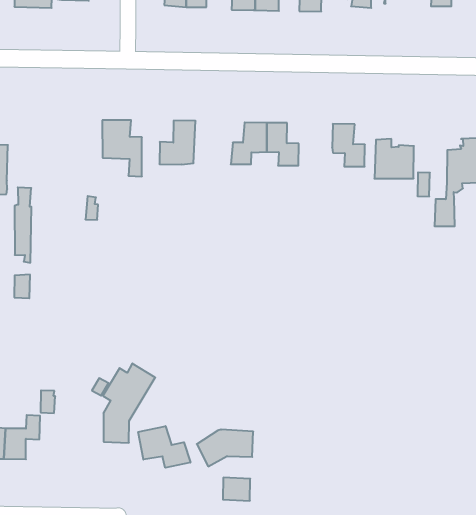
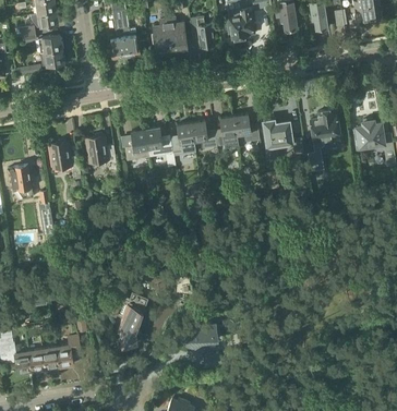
building: none -> [49,142,82,180]
building: none -> [146,128,173,157]
building: none -> [215,117,239,148]
building: [138,426,190,468] -> none

